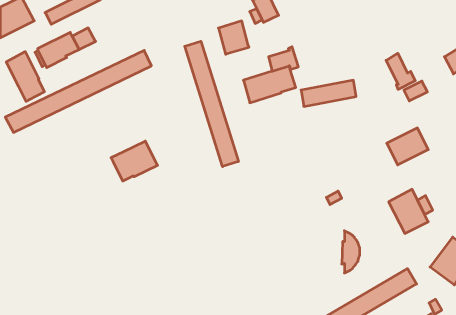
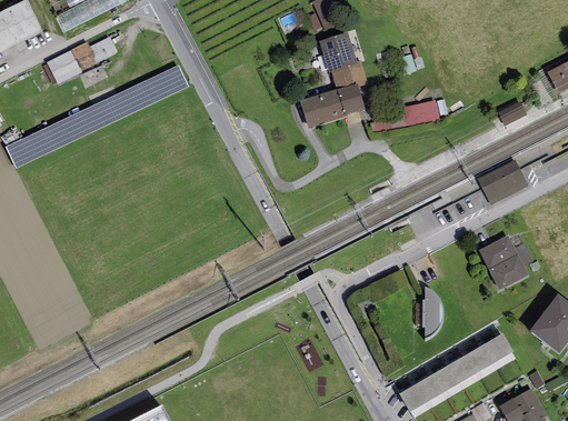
building: [218,21,249,54] -> [319,32,357,73]
building: [185,41,238,167] -> none
building: [6,52,44,101] -> none
building: [386,53,415,89] -> none
building: [111,141,158,181] -> none

